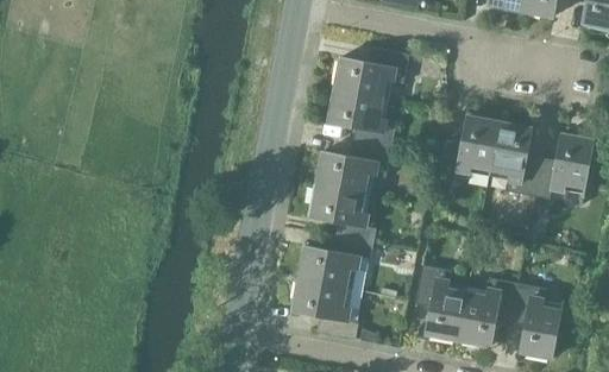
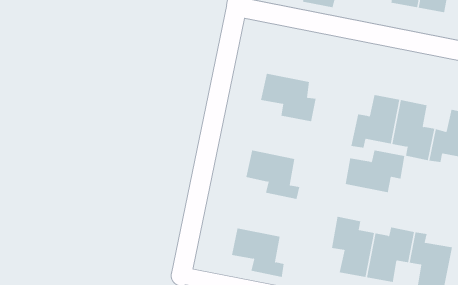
building: [333,48,407,100] -> none
building: [315,143,389,195] -> [345,150,405,193]
building: [297,237,371,290] -> none

